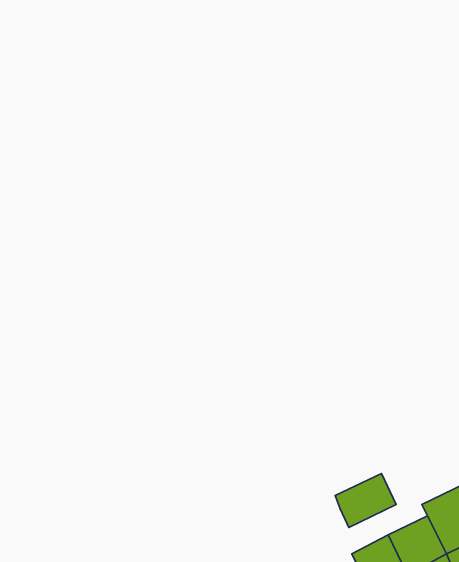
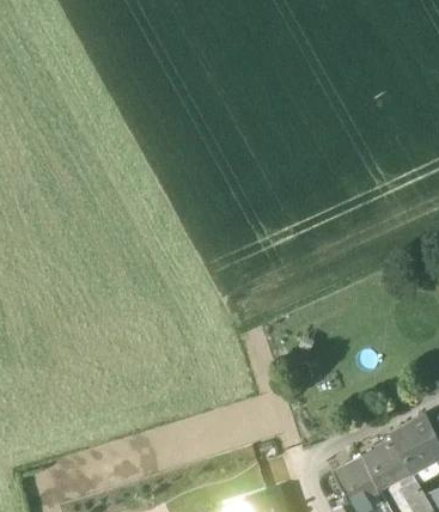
building: [335,474,396,527] -> none

